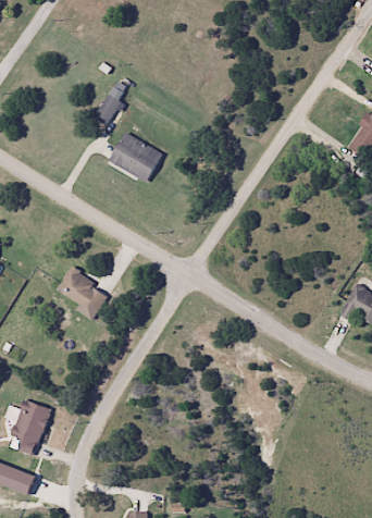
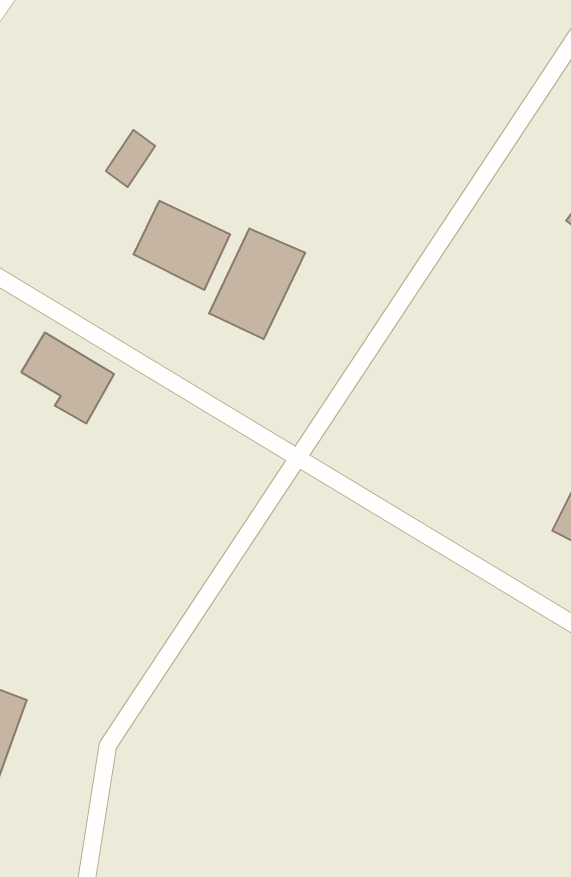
building: none -> [209,228,305,339]
building: [57,269,108,319] -> [21,333,114,423]

